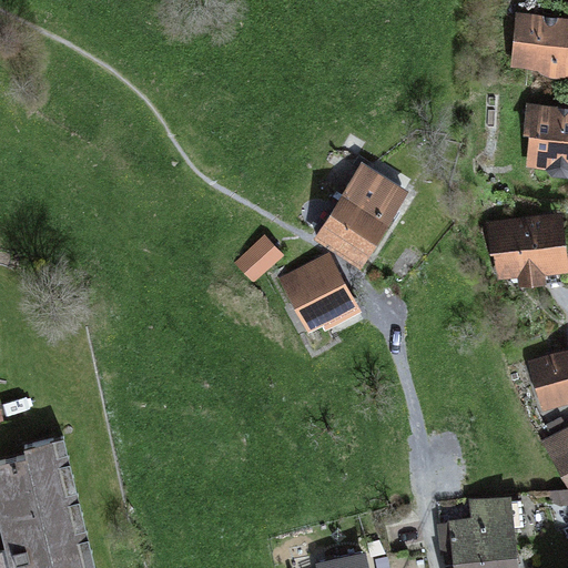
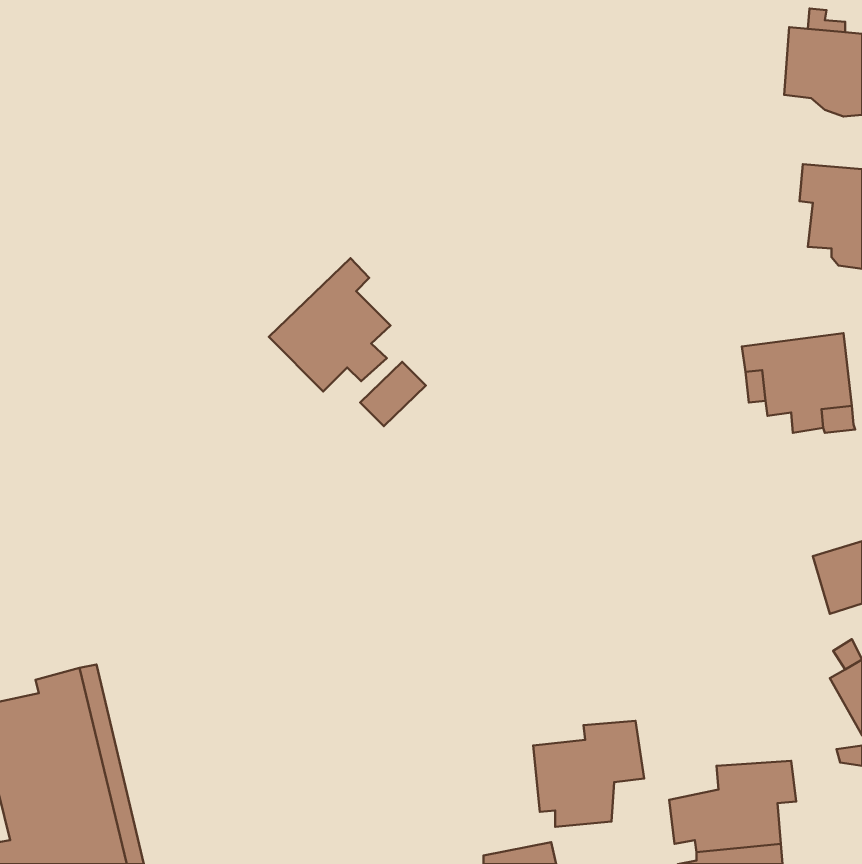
building: [317,154,410,263] -> none
building: none -> [269,258,390,392]
building: [282,255,354,329] -> none
building: none -> [533,721,644,827]

